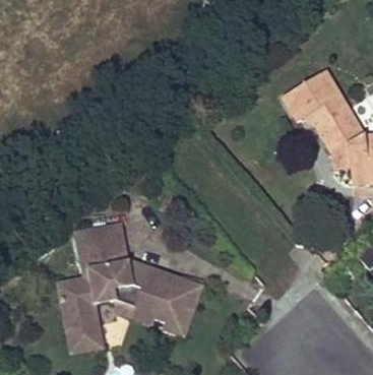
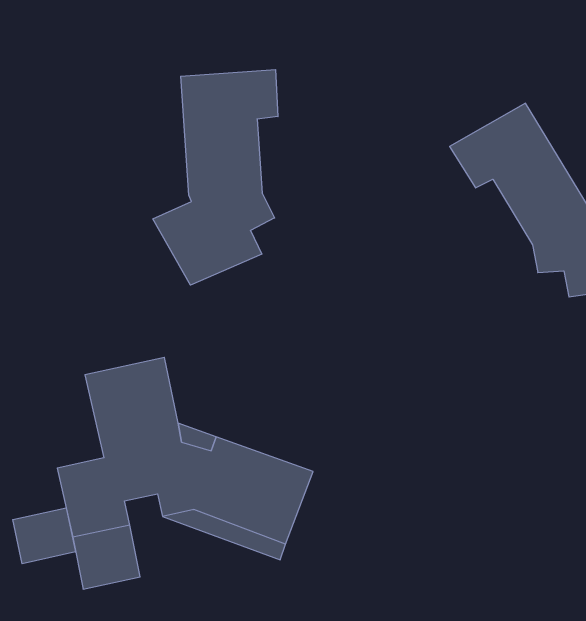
building: none -> [153,70,278,285]
building: none -> [13,508,75,564]

